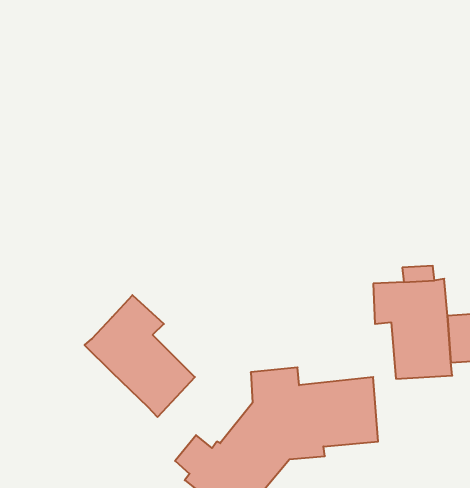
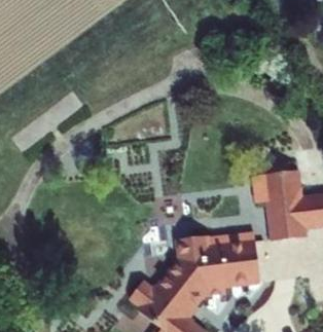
building: [85,295,195,417] -> none

